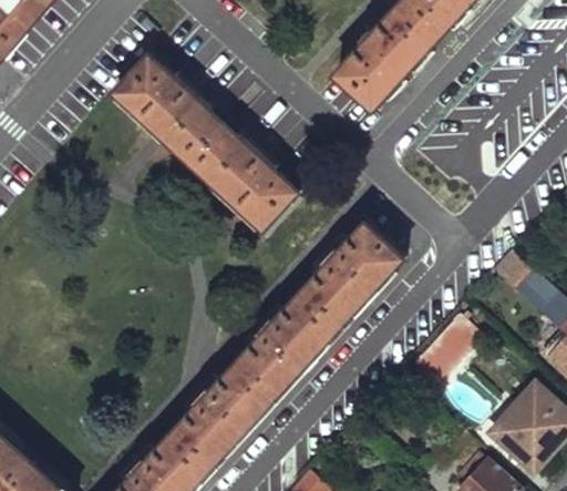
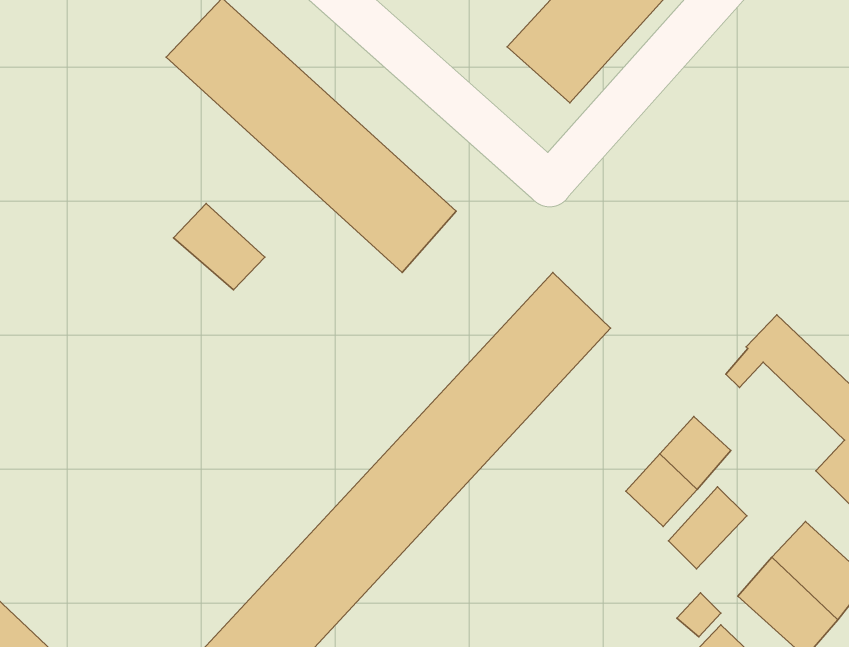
building: none -> [174,204,265,290]
building: none -> [668,487,747,569]

